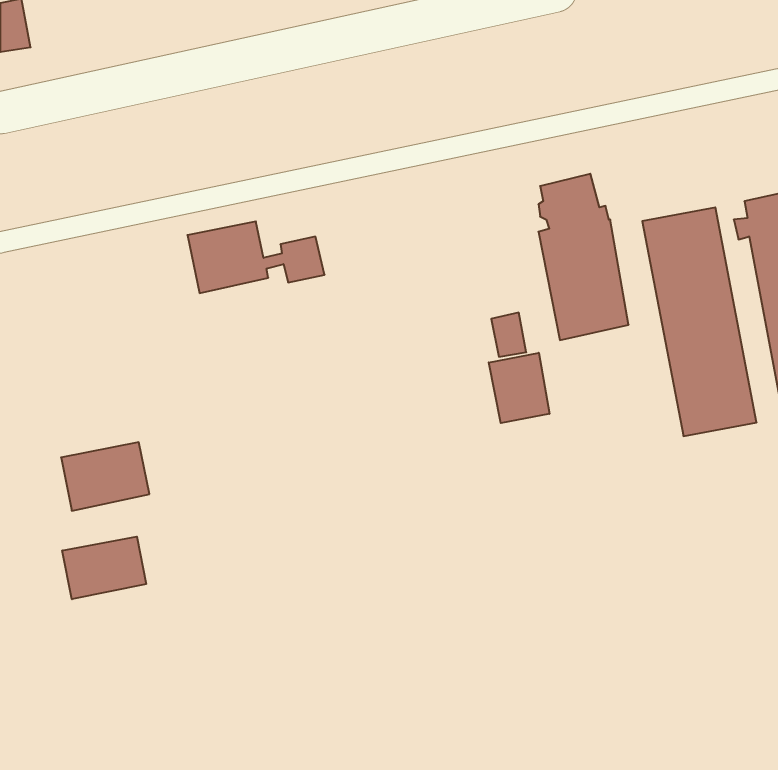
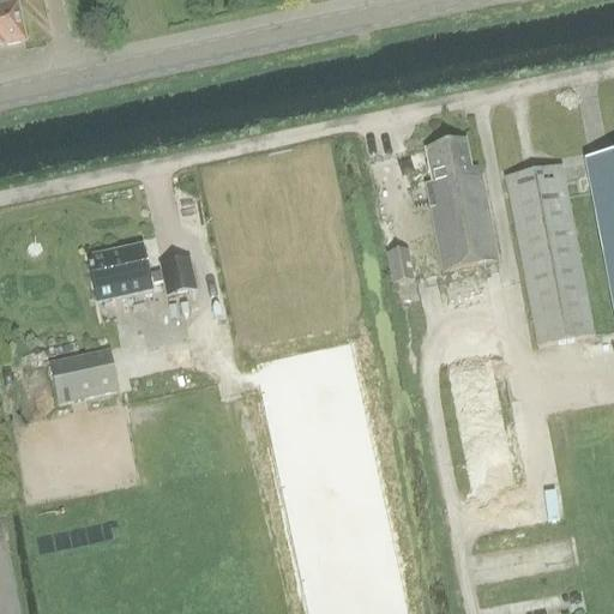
building: [187,221,325,293] -> [89,243,197,300]
building: [489,353,549,423] -> none
building: [62,537,146,599] -> none

